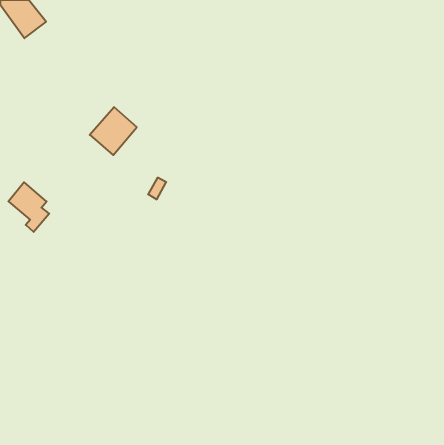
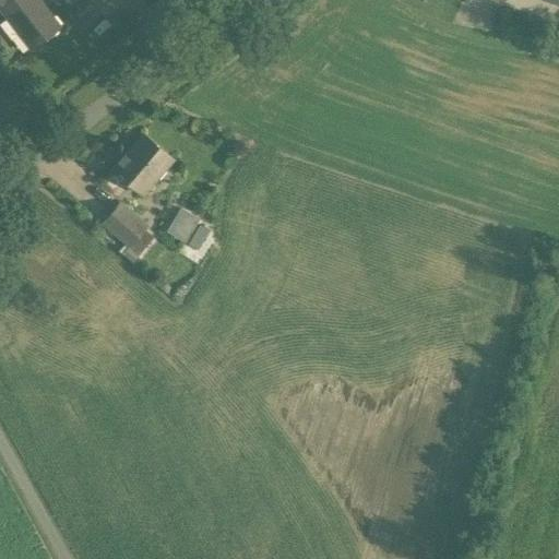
building: none -> [166,207,199,243]
building: [8,182,49,232] -> [102,200,153,262]

